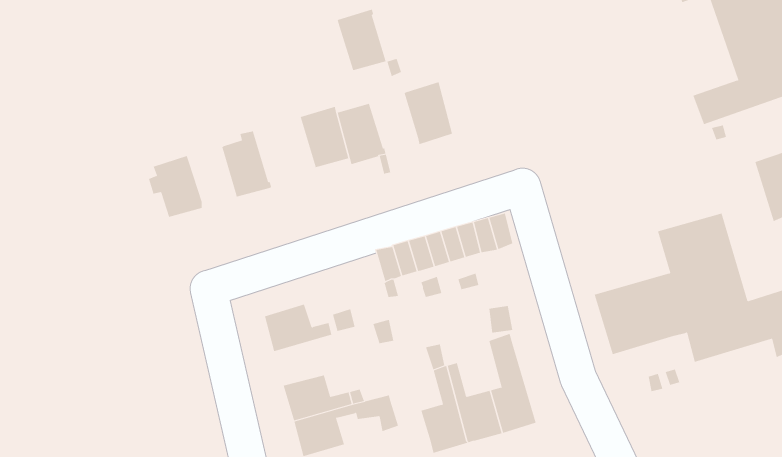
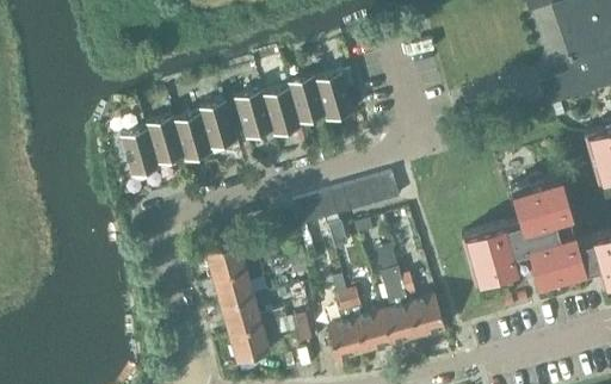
building: [337,9,386,71] -> [288,75,326,123]
building: none -> [199,101,237,149]
building: none -> [147,117,185,165]
building: none -> [215,267,263,306]
building: none -> [400,272,445,335]

